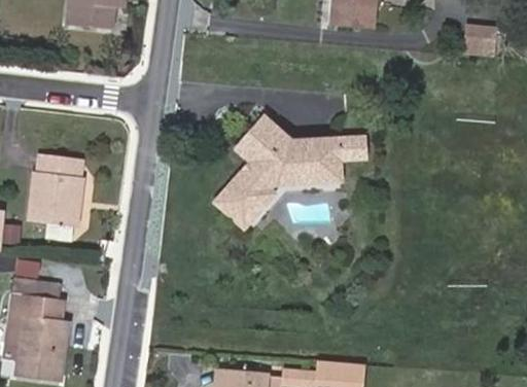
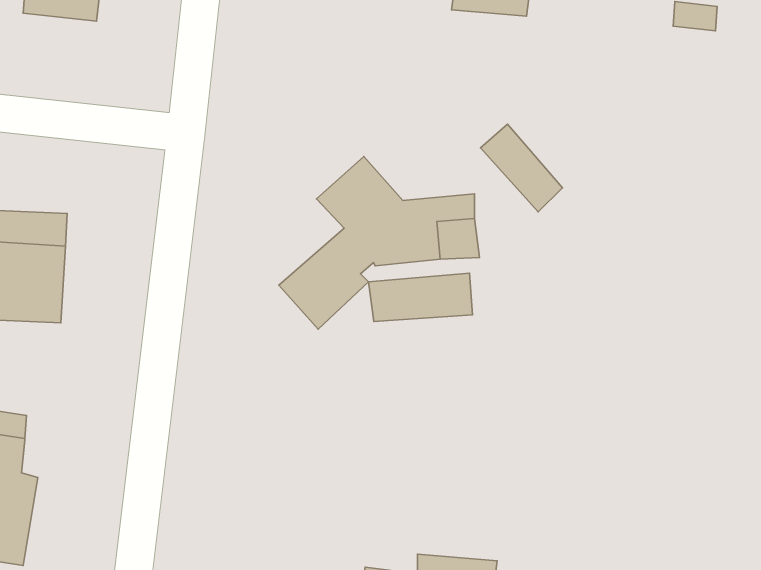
building: none -> [481,124,562,212]
building: none -> [369,273,473,321]

